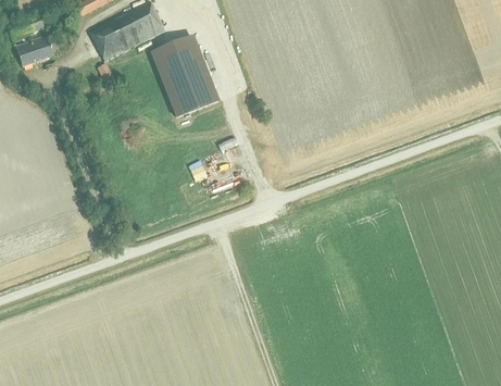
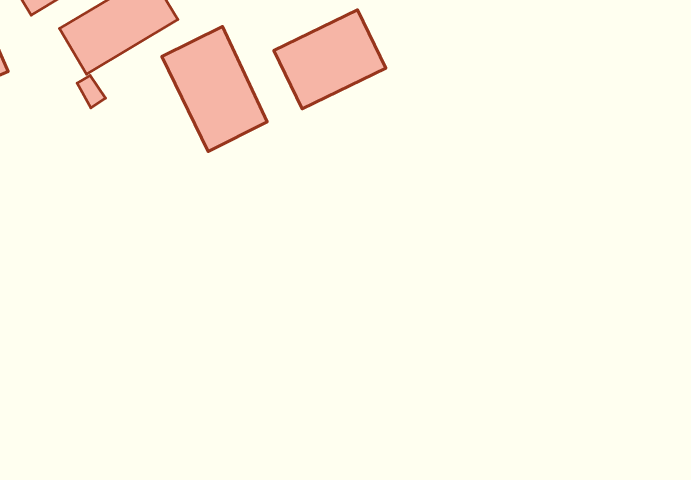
building: none -> [274,10,386,109]

